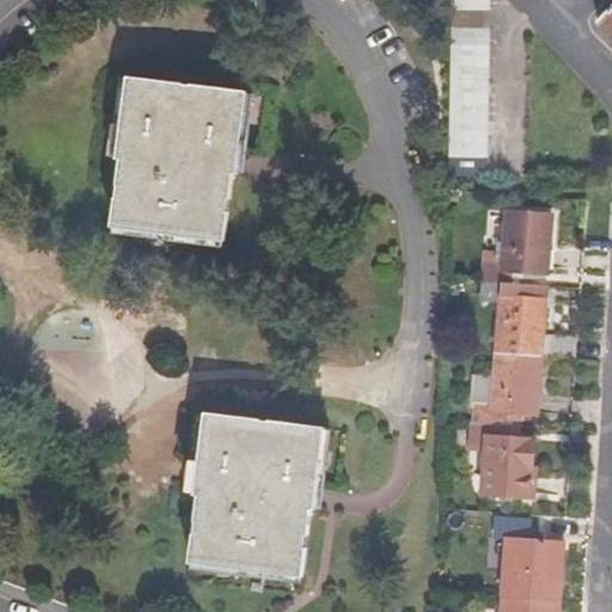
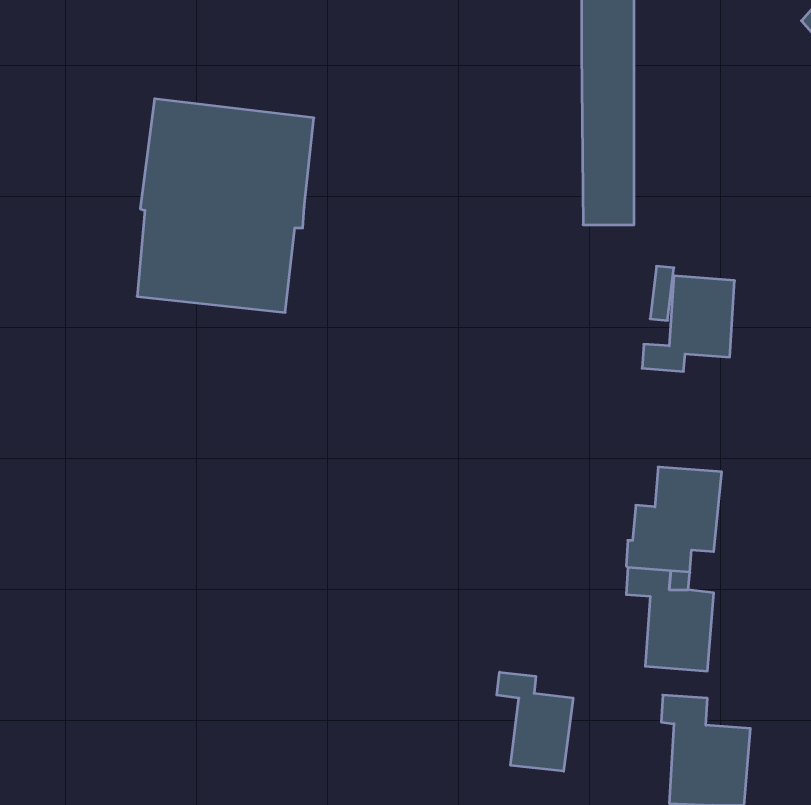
building: [483,276,583,357] -> none
building: [194,417,330,580] -> none
building: none -> [497,672,573,771]

